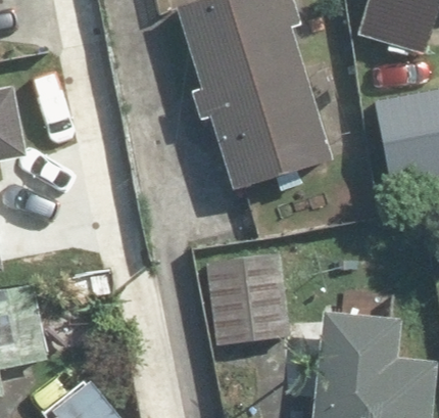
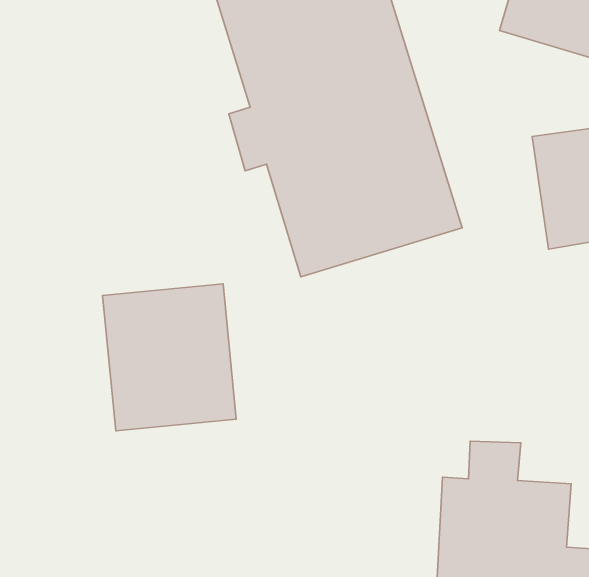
building: [204,251,288,343] -> [103,284,236,431]

